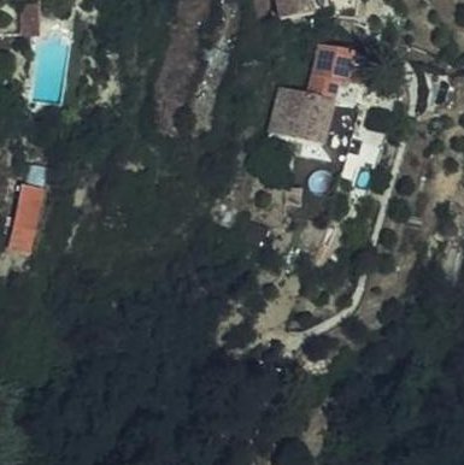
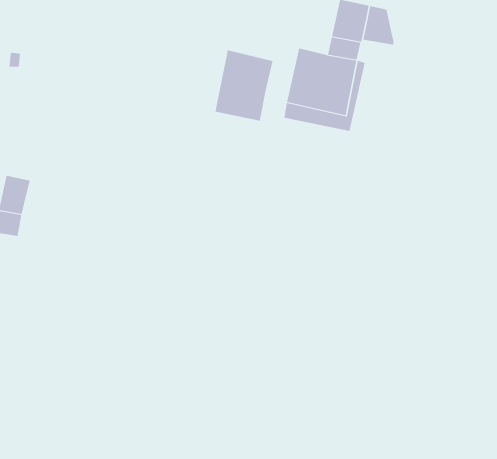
building: none -> [215,49,273,121]

